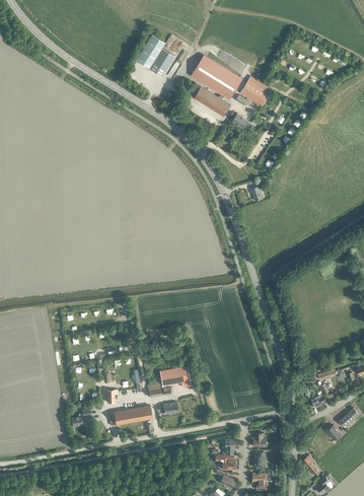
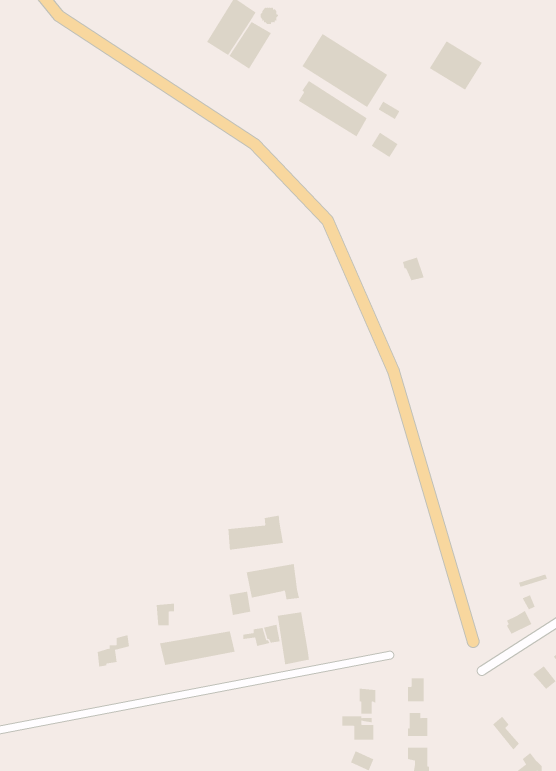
building: [240,77,272,107] -> [429,40,483,91]
building: none -> [228,515,284,550]
building: none -> [277,612,310,665]

